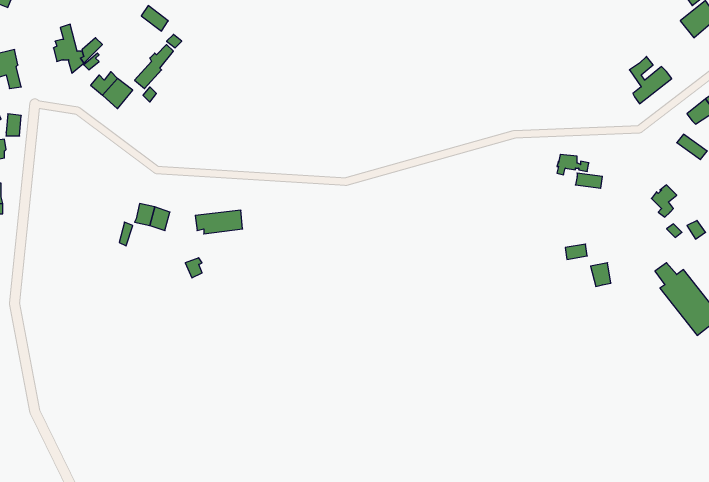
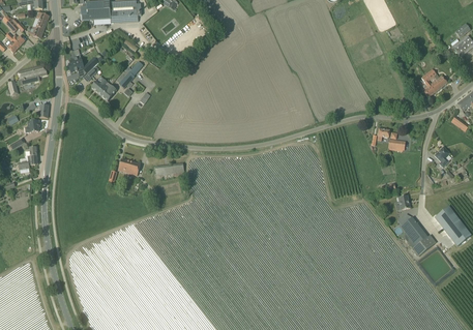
building: none -> [400,216,435,256]

